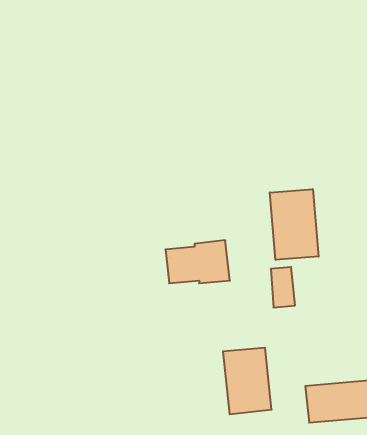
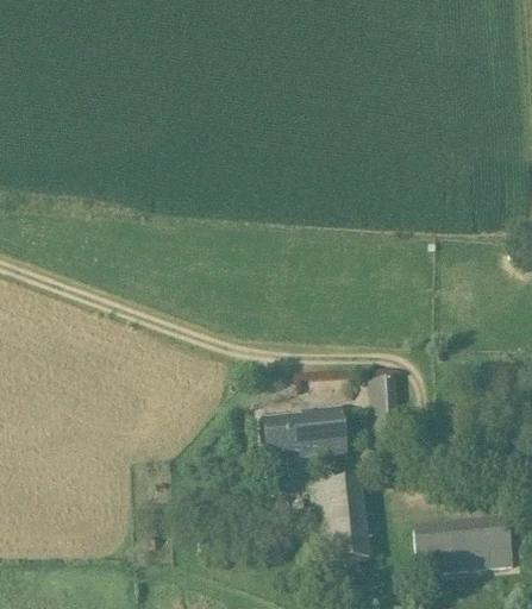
building: [270,189,319,260] -> none
building: [165,240,230,283] -> [264,403,346,458]

